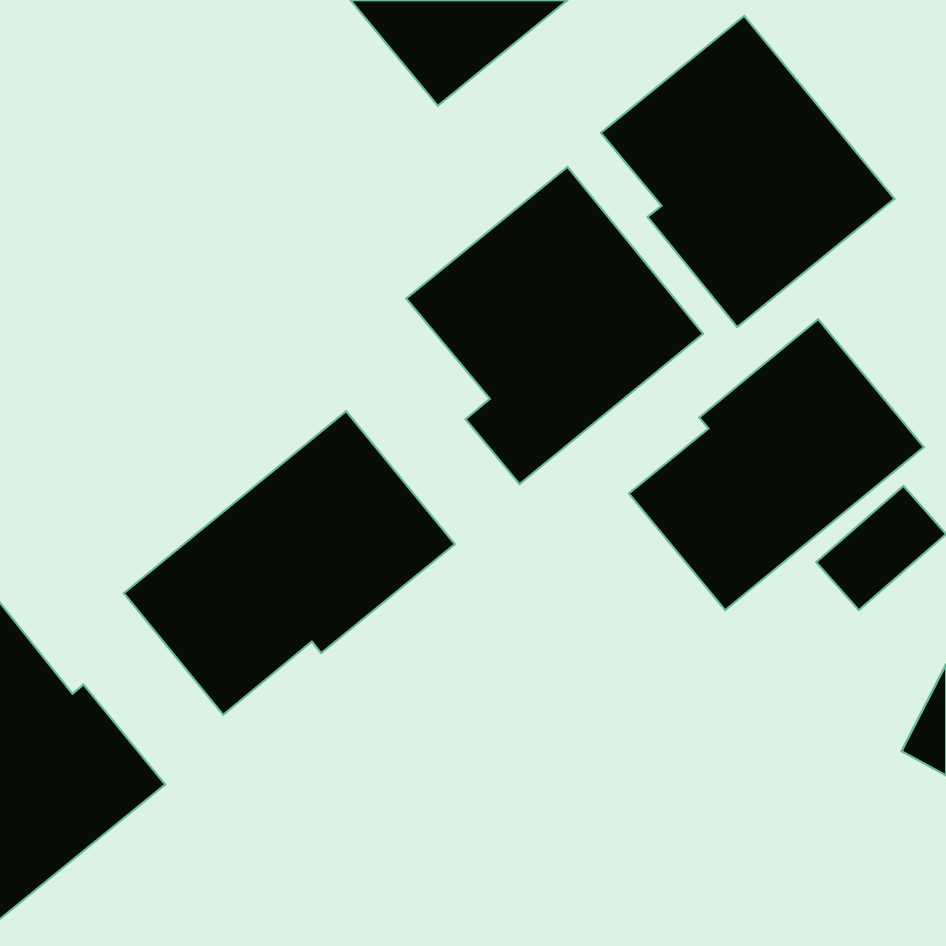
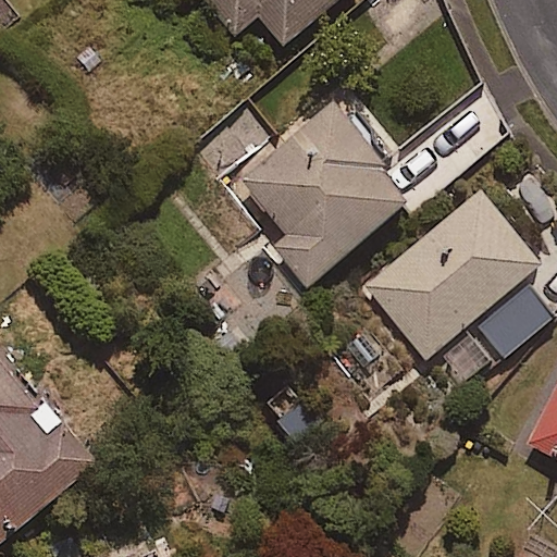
building: [601,16,894,327] -> none
building: [124,411,455,715] -> none

